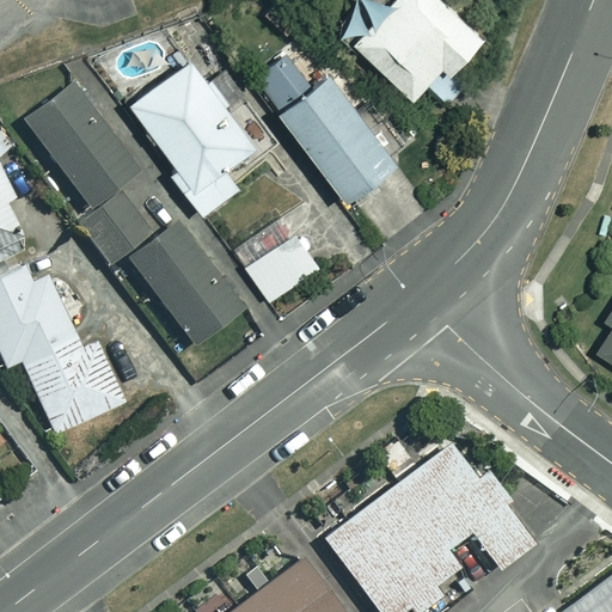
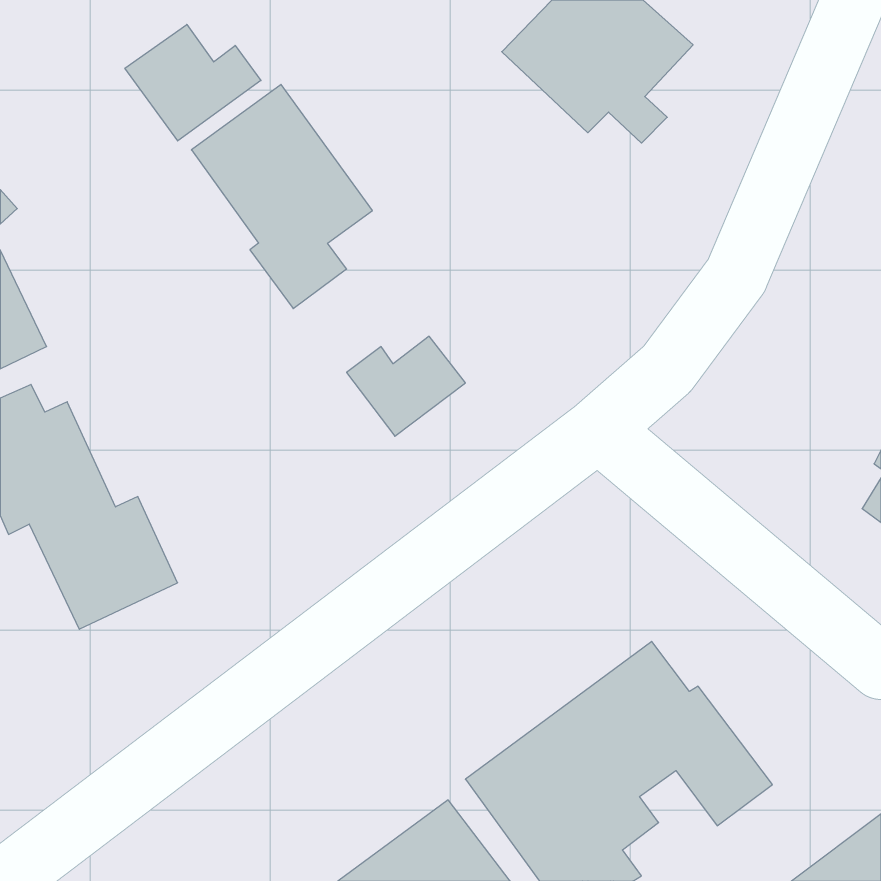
building: none -> [125,24,261,141]
building: [247,45,393,194] -> none
building: [23,87,238,348] -> none

